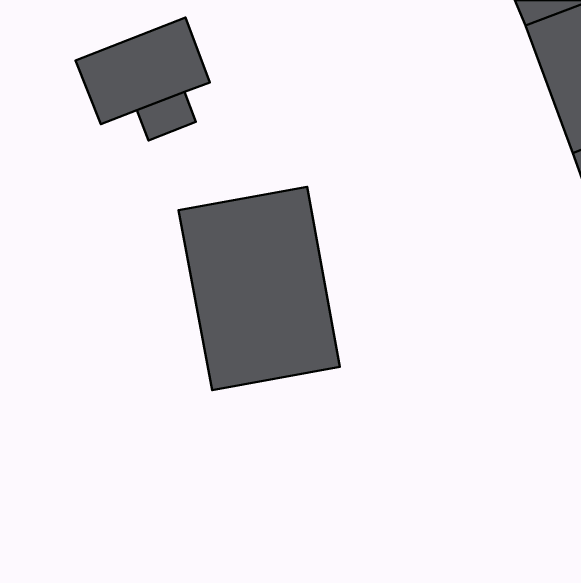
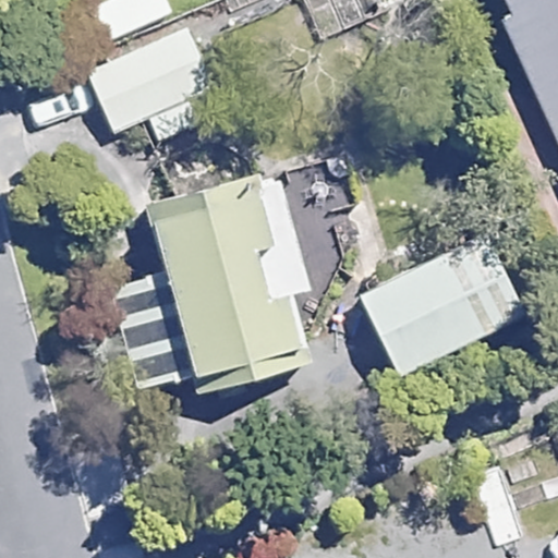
building: none -> [365,228,529,377]

